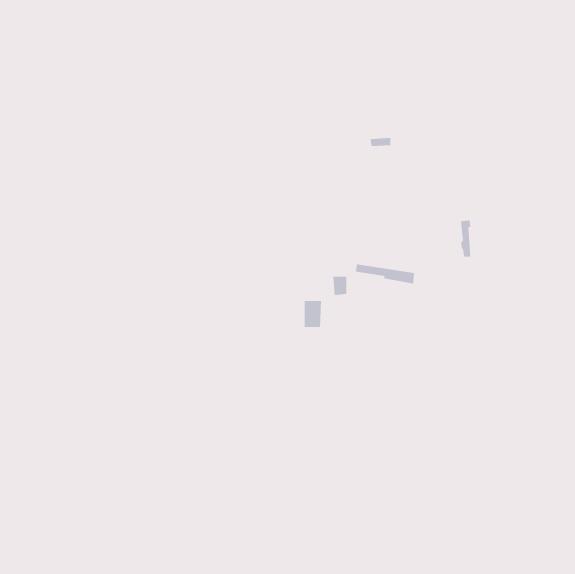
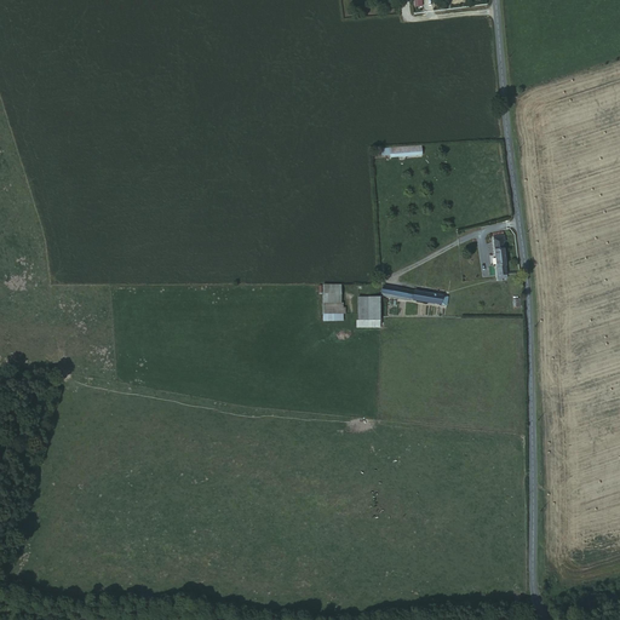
building: [304,301,322,328] -> [323,285,343,314]

